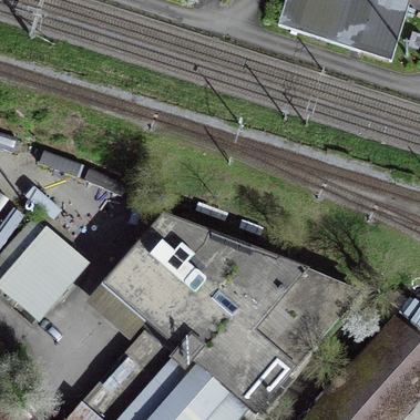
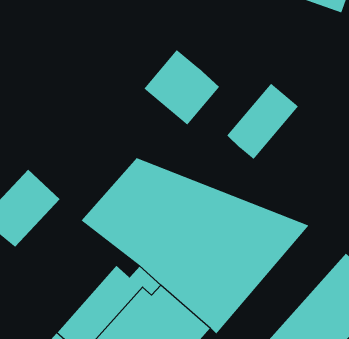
building: none -> [144,49,220,126]
building: none -> [227,83,299,160]

